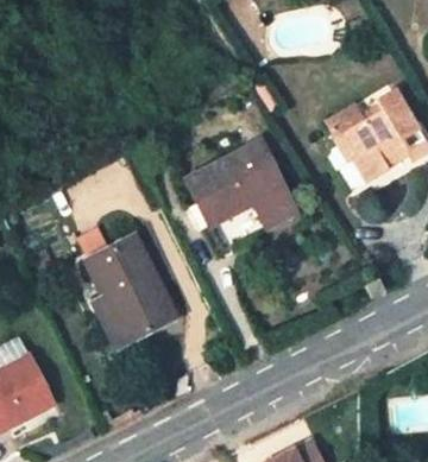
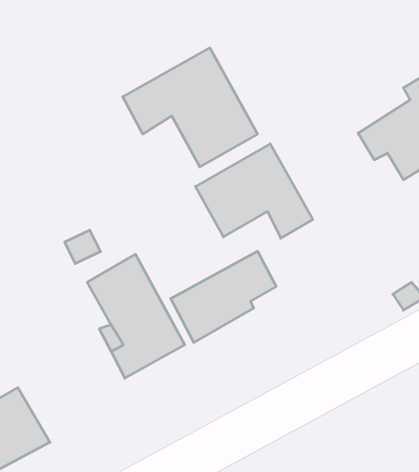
building: none -> [123,48,257,167]
building: none -> [171,251,276,342]

